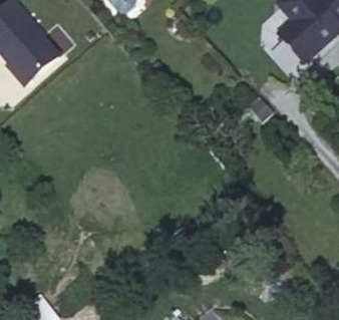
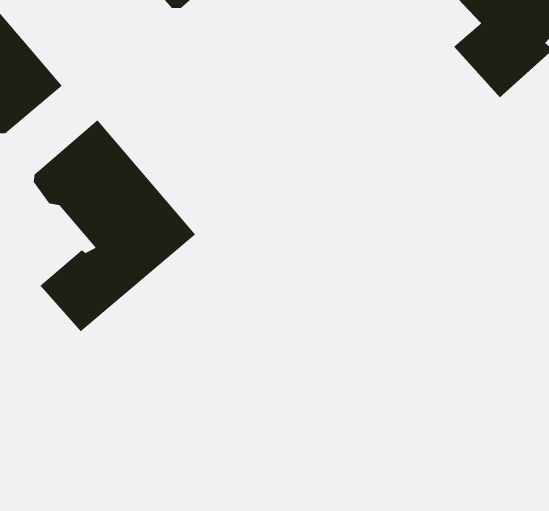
building: none -> [33,119,196,332]

